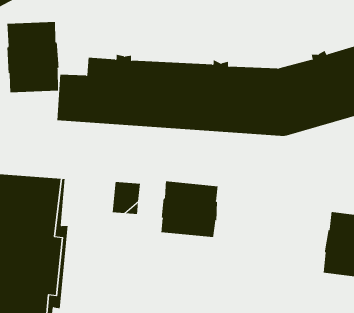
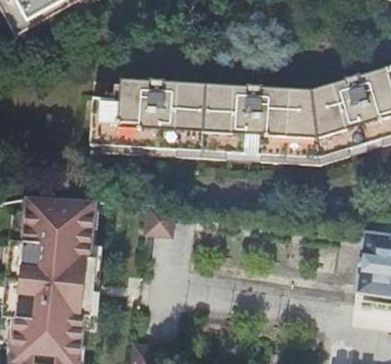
building: [7,21,59,93] -> none
building: [161,181,218,238] -> none

